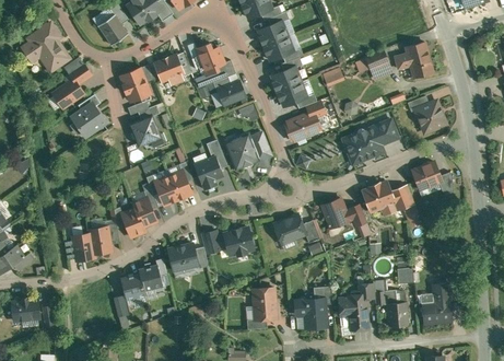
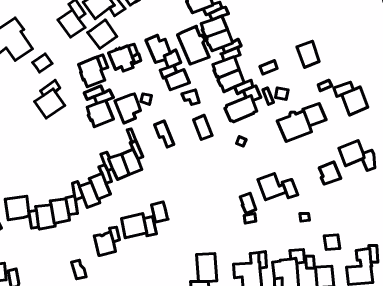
building: none -> [87,20,117,49]
building: none -> [177,26,209,64]
building: [395,42,432,77] -> none
building: [52,79,83,107] -> none
building: [225,133,258,168] -> none
building: [194,156,222,189] -> [115,94,140,123]
building: [362,182,395,211] -> none
building: [273,214,305,243] -> none
building: none -> [5,196,29,220]
building: [218,228,253,255] -> none
building: [120,272,145,300] -> none

